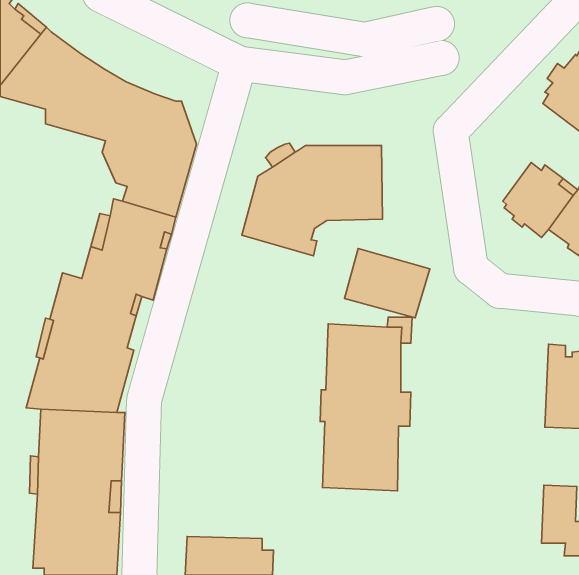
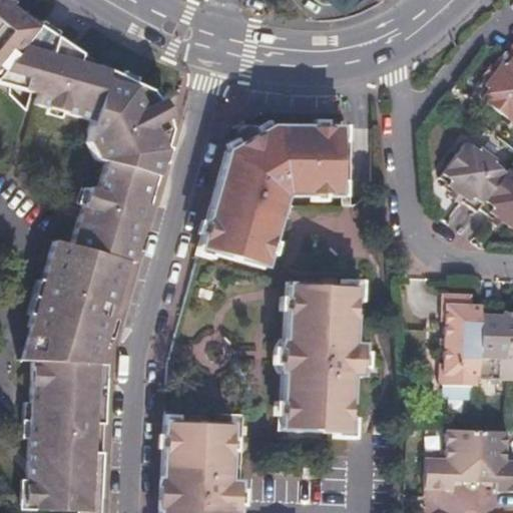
building: [345,249,430,318] -> [202,207,278,269]
building: none -> [442,293,485,383]
building: none -> [166,425,233,475]
building: none -> [428,427,481,489]

